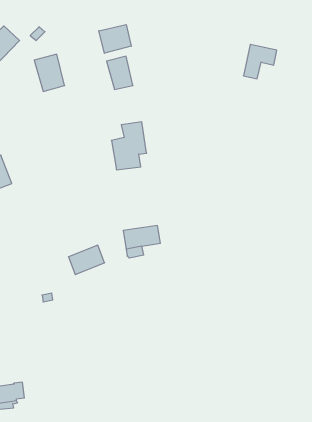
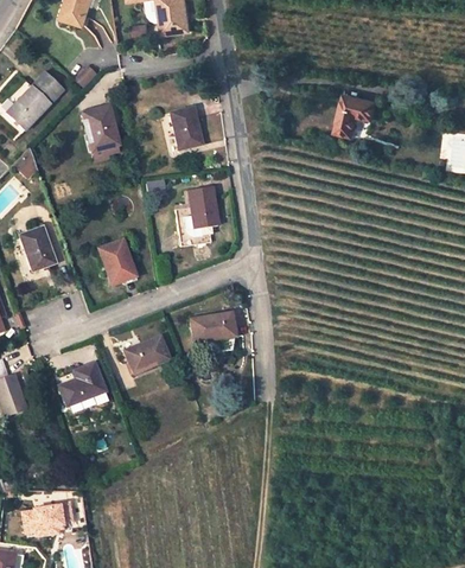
building: [99,25,131,53] -> none
building: none -> [100,240,136,283]
building: none -> [59,362,104,404]

